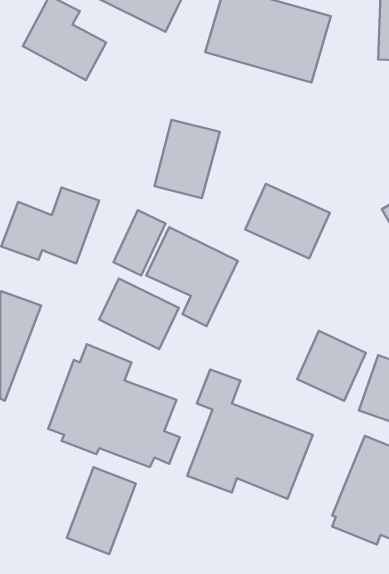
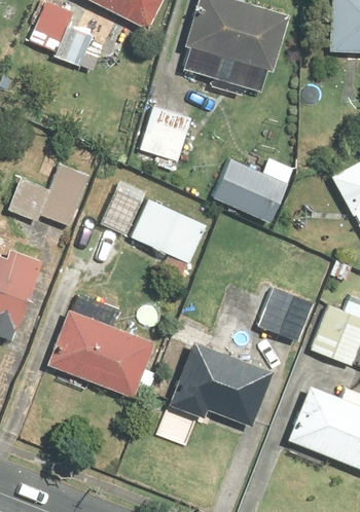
building: [99,278,179,349] -> none
building: [67,467,136,554] -> none

